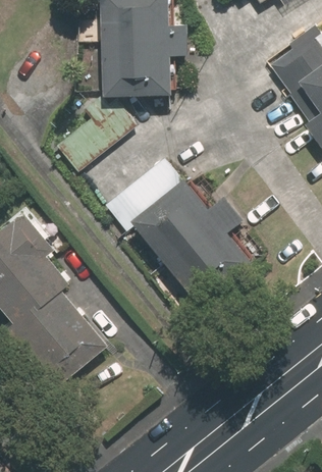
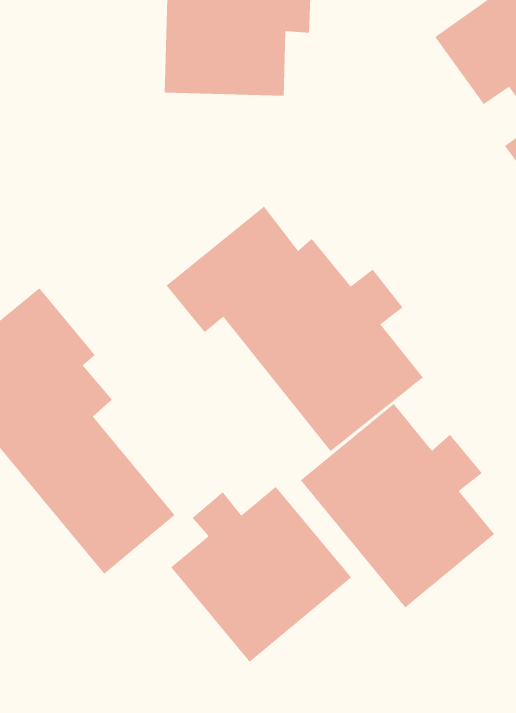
building: none -> [300,403,495,608]
building: none -> [170,486,352,663]

